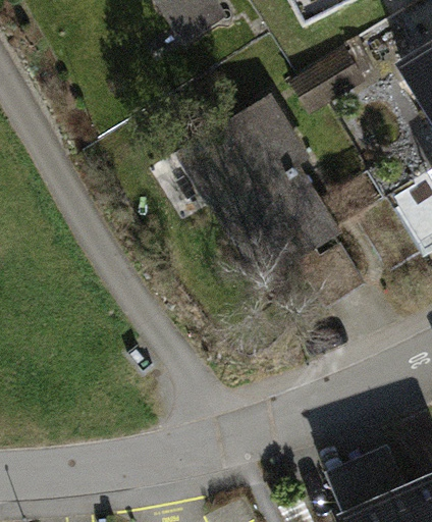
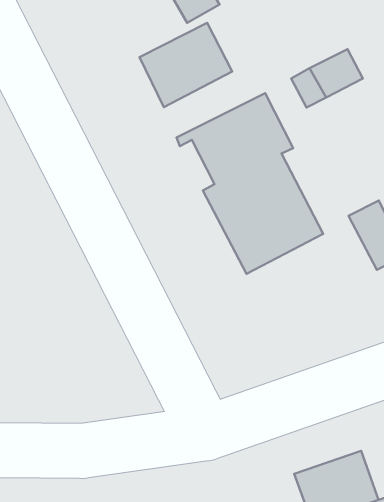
building: none -> [139,23,232,107]

